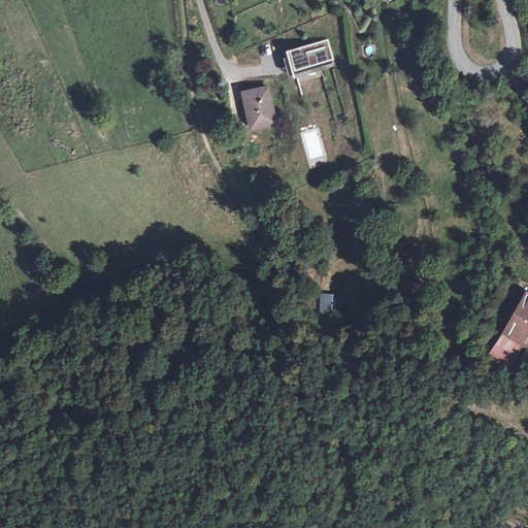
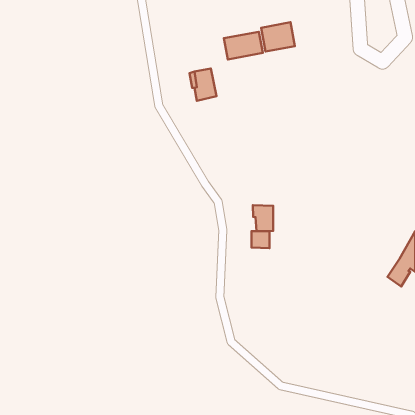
building: none -> [261,22,295,52]
building: none -> [253,205,273,231]

